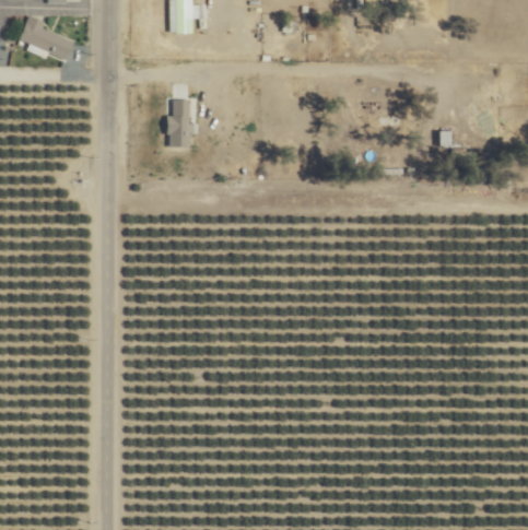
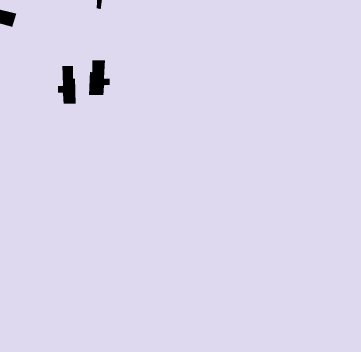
building: none -> [58,65,76,105]

